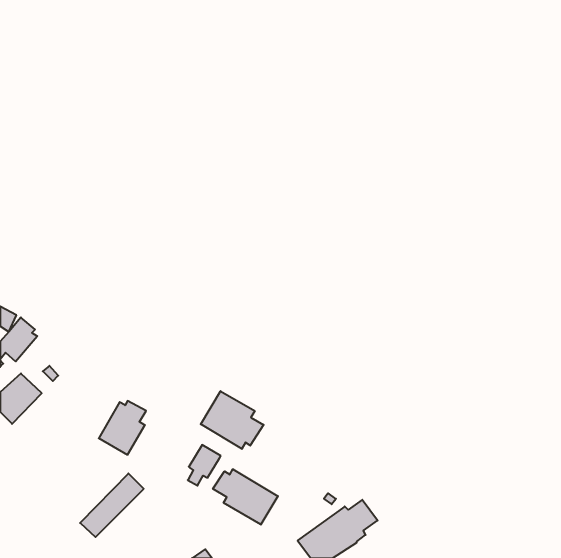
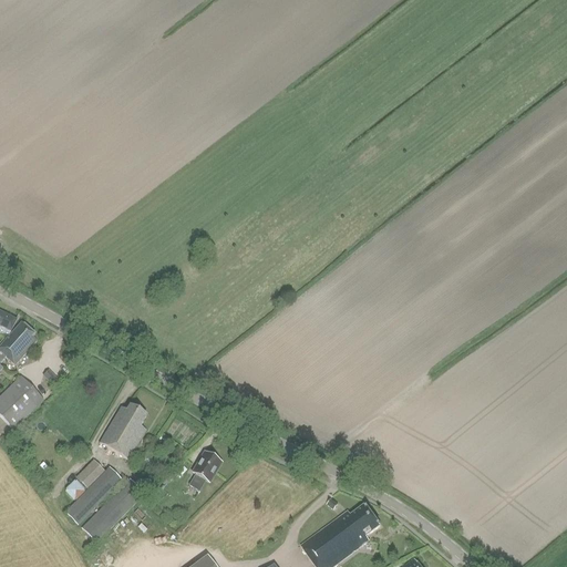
building: [201,391,264,449] -> none
building: none -> [65,458,123,524]
building: [213,469,278,525] -> none

